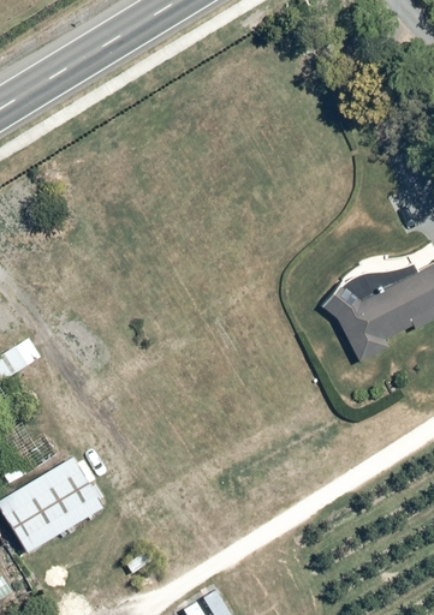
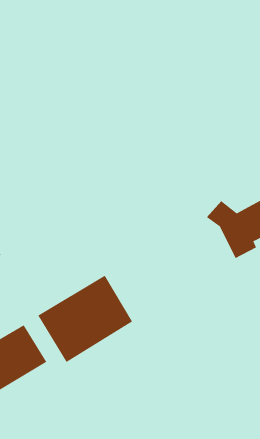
building: none -> [38,275,133,363]

